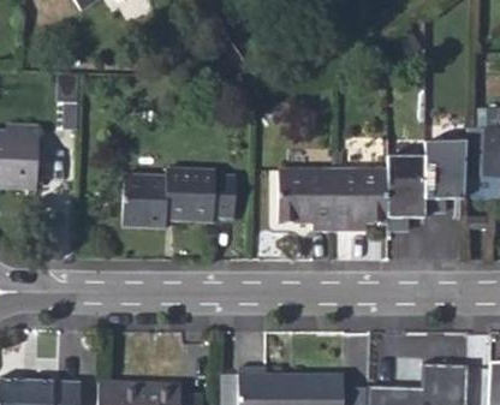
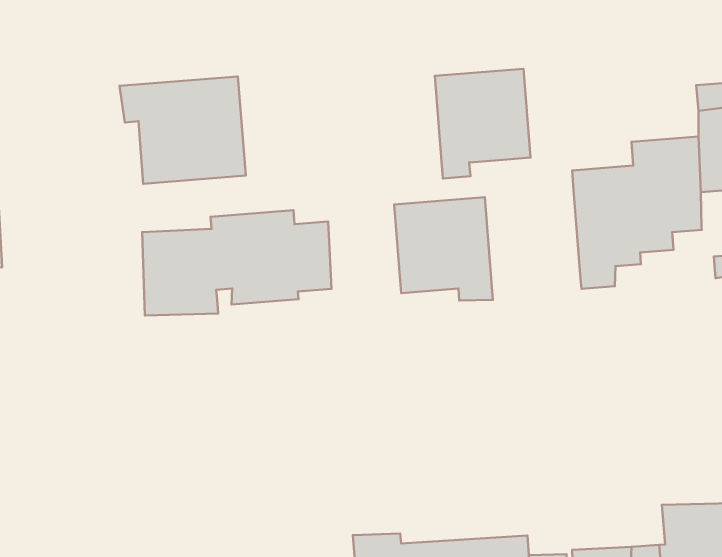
building: none -> [120,77,246,184]
building: [333,168,387,231] -> [435,69,530,178]

